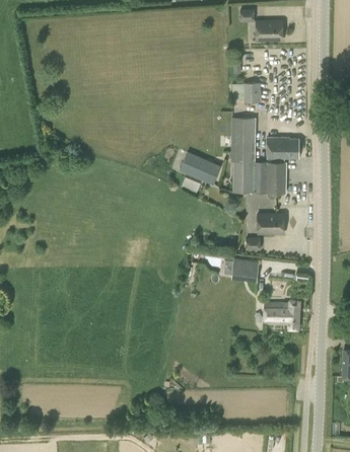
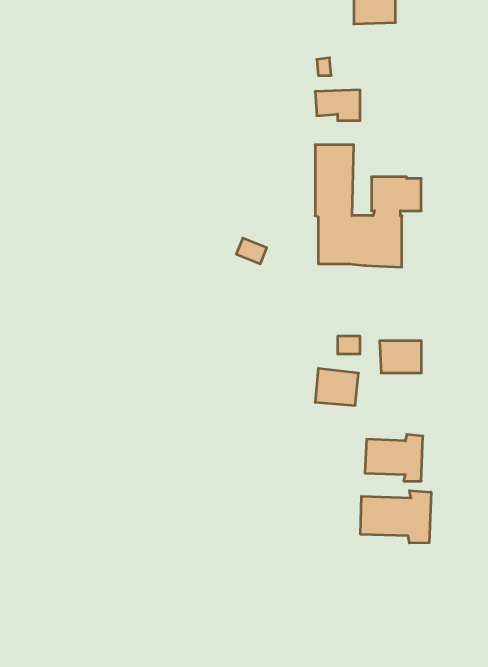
building: [179,151,221,183] -> none
building: [257,213,283,233] -> [380,341,421,373]
building: none -> [361,491,431,543]

